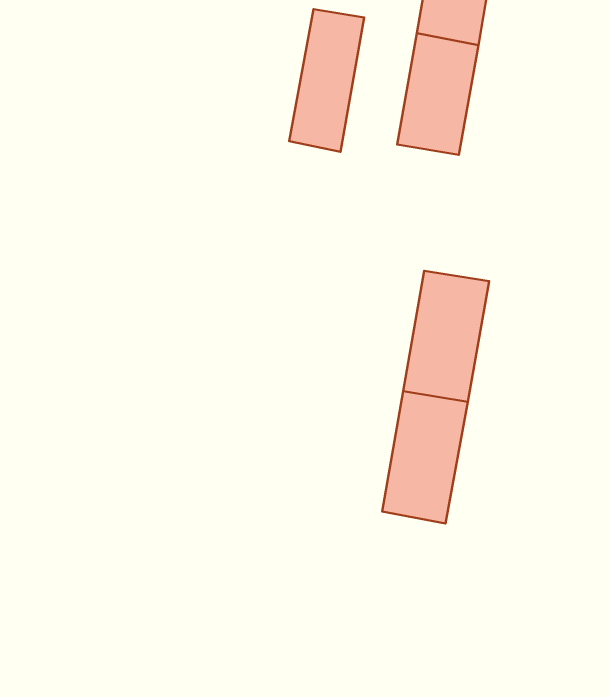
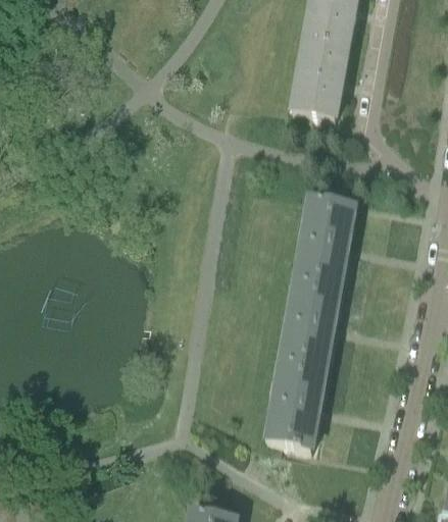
building: [289,9,364,152] -> none
building: none -> [267,356,325,446]

